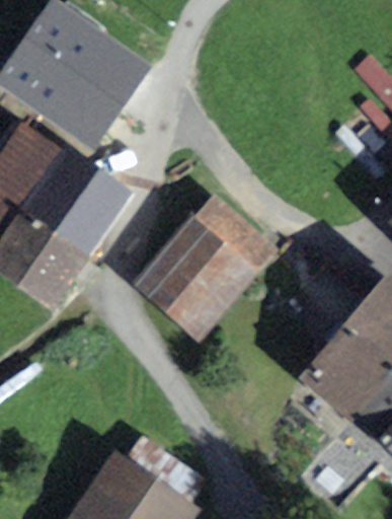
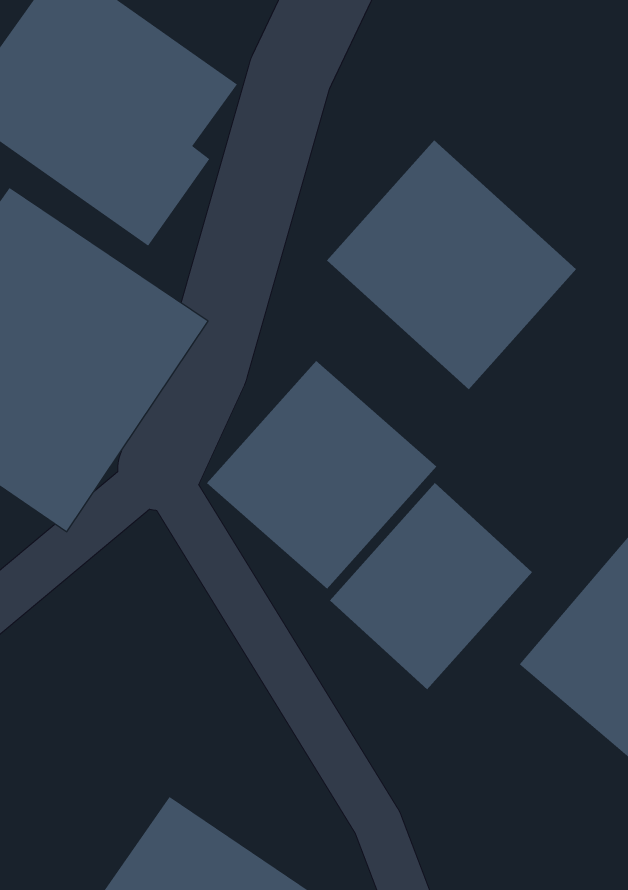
building: none -> [326,140,577,390]
building: none -> [329,482,533,690]

